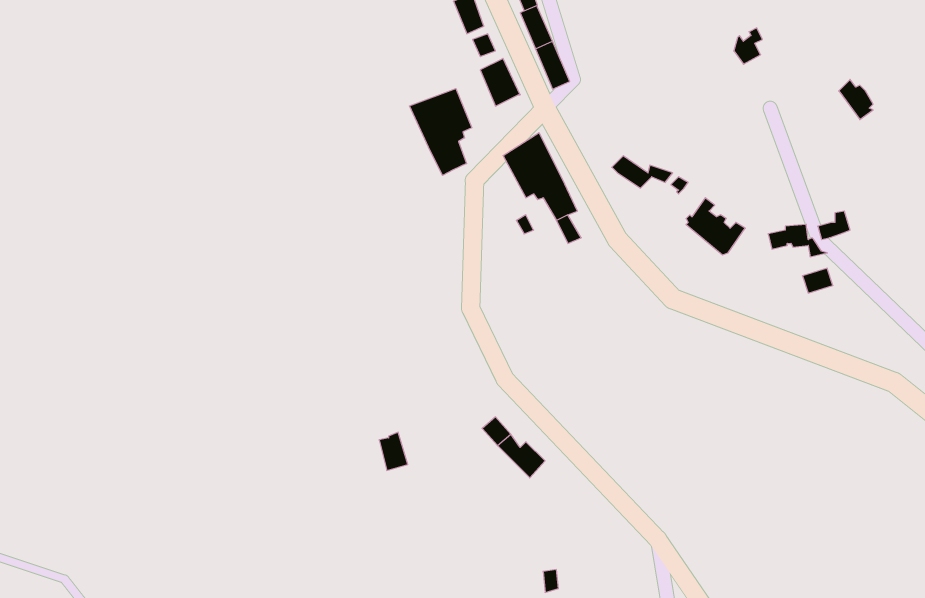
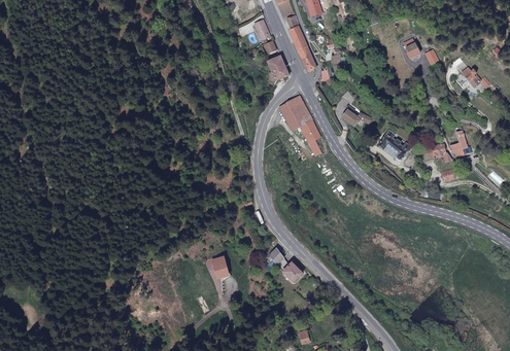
building: [409,89,472,175] -> none

